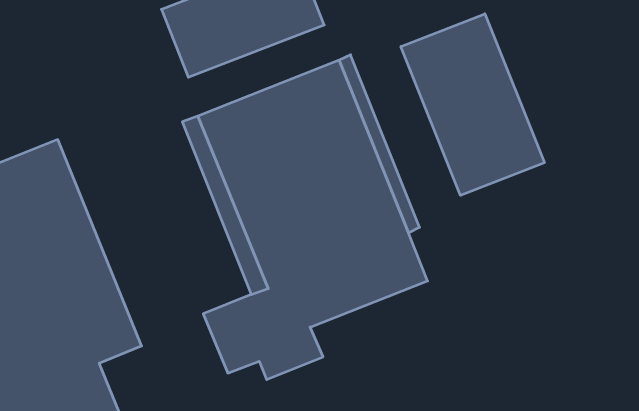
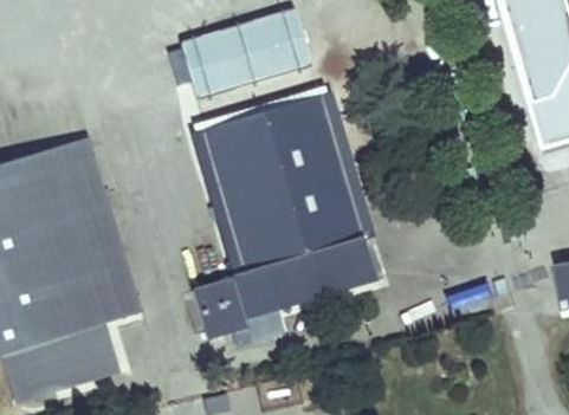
building: [401,14,544,195] -> none

